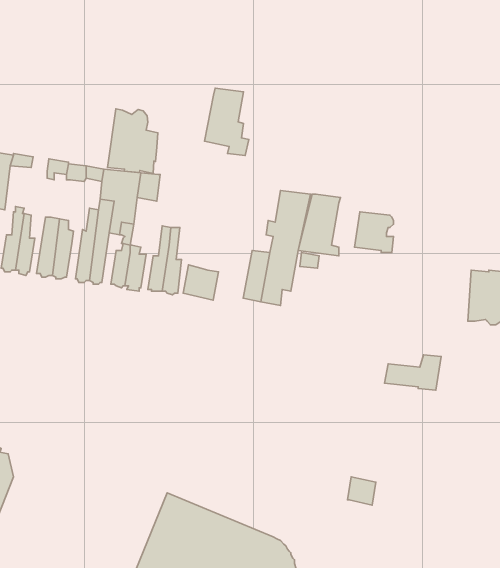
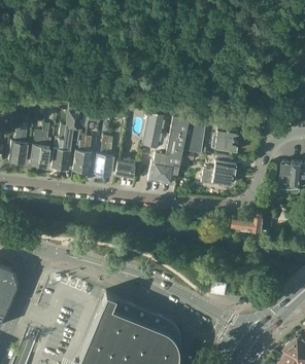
building: [205,88,249,155] -> [141,113,167,152]
building: [108,109,158,174] -> none
building: none -> [201,162,236,186]

